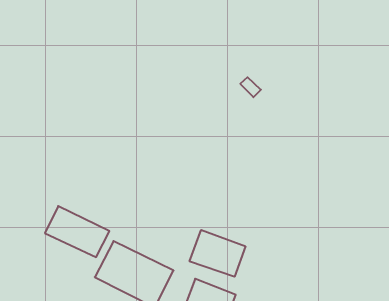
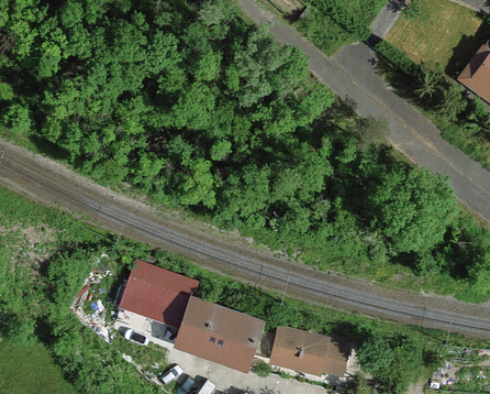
building: [190,230,245,277] -> none

